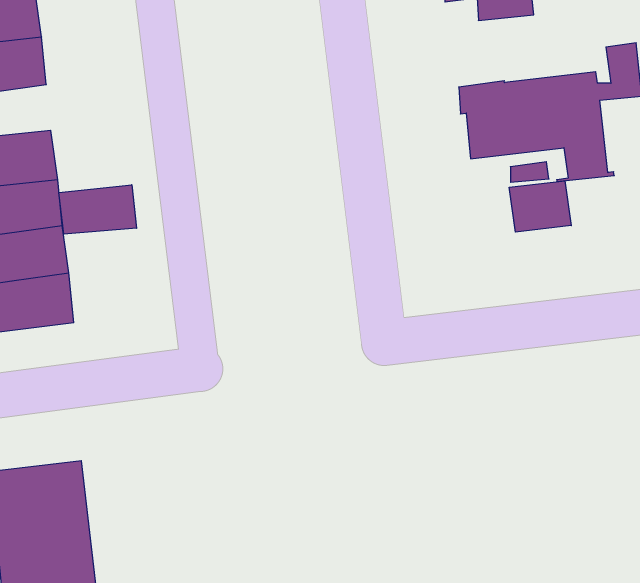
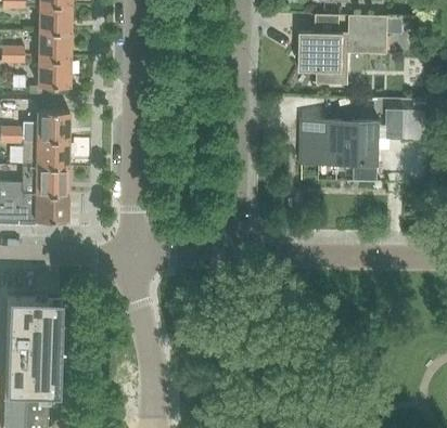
building: [509,181,571,232] -> none
building: [59,185,137,234] -> none

